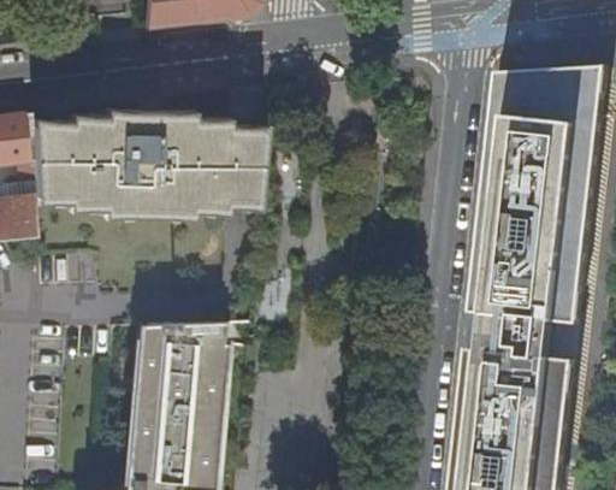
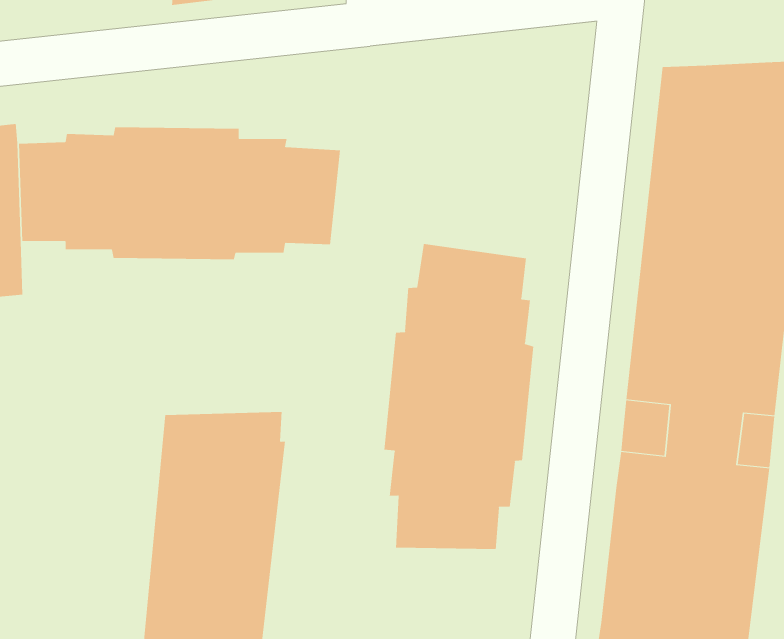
building: none -> [384,243,534,550]

